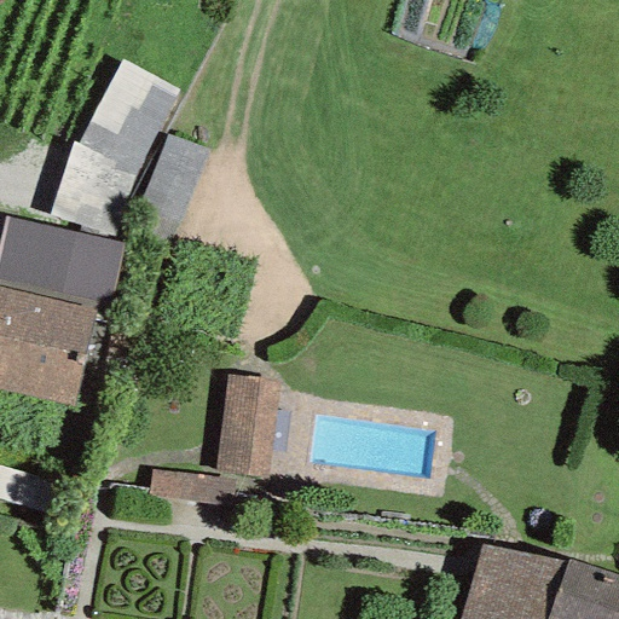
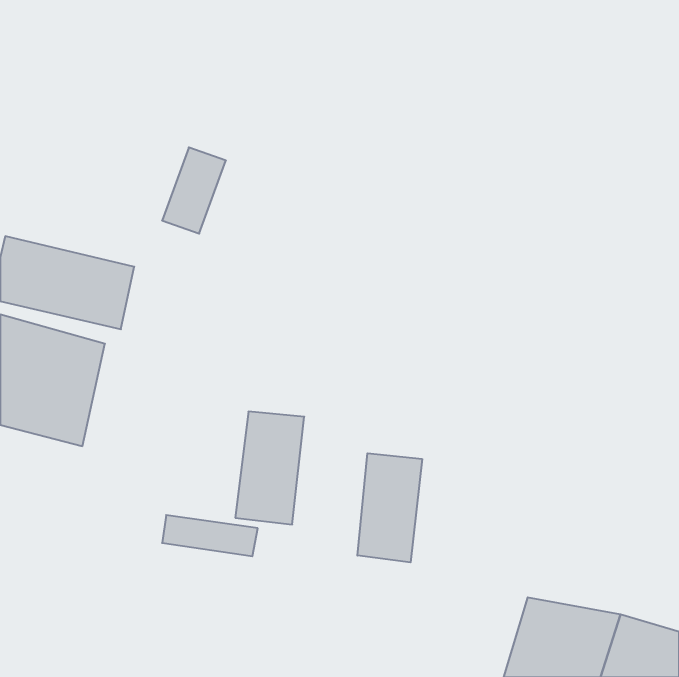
building: [46,62,185,235] -> none
building: none -> [357,453,422,562]

